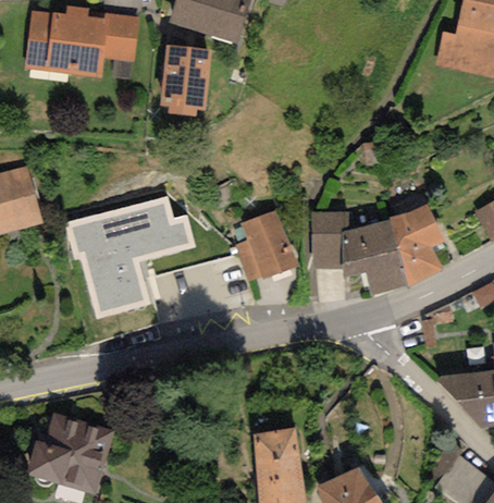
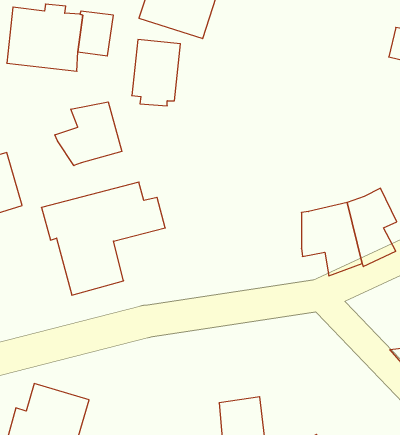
building: none -> [55,102,122,166]
building: [235,210,300,281] -> none
building: [311,211,349,268] -> none

